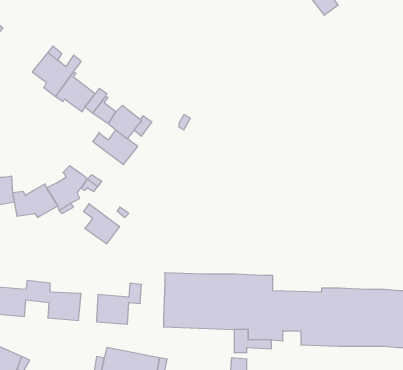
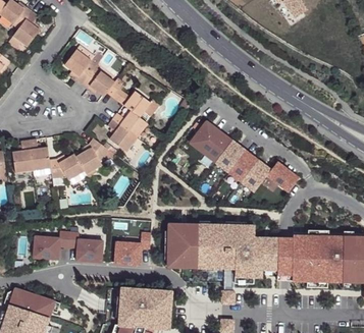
building: none -> [190,121,299,192]
building: [84,204,120,244] -> [108,120,137,152]

